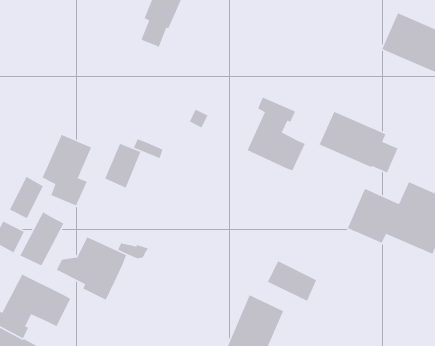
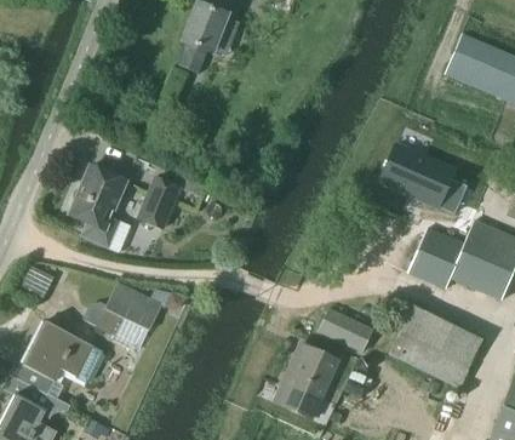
building: [246,96,306,172] -> none
building: [9,176,44,219] -> none
building: [19,211,64,267] -> none
building: none -> [389,299,486,389]

